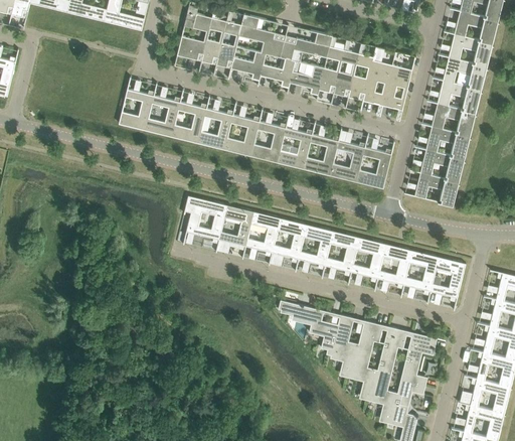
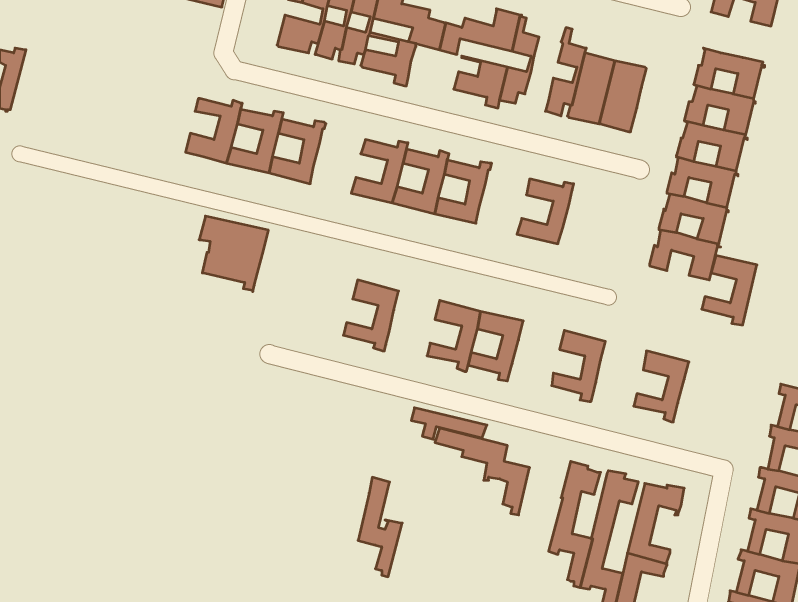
building: [449,34,494,66] -> none
building: [333,40,359,97] -> none
building: [261,54,295,89] -> none
building: [198,109,234,150] -> none
building: [304,135,340,176] -> none
building: [356,148,392,188] -> none
building: [184,196,228,245] -> [199,216,268,292]
building: [246,212,281,257] -> none
building: [325,232,360,277] -> none
building: [378,245,412,289] -> none
building: [431,258,466,302] -> [702,256,757,325]
building: [331,315,359,379] -> [358,477,402,577]

